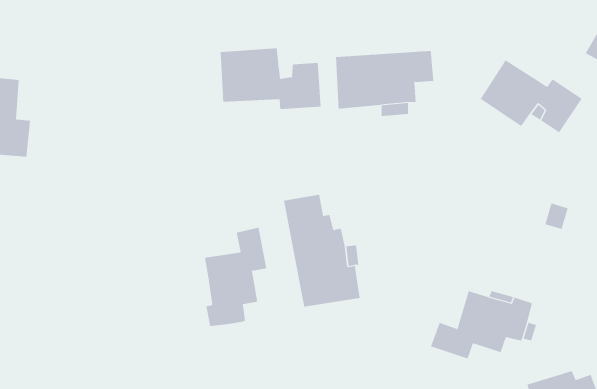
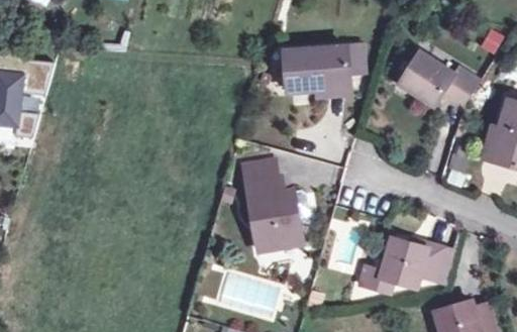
building: [220,48,321,110] -> none
building: [204,227,267,327] -> none

